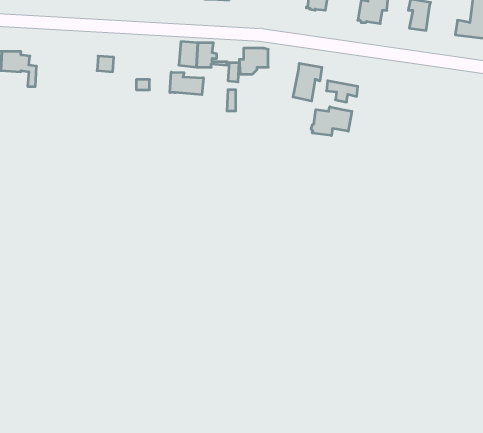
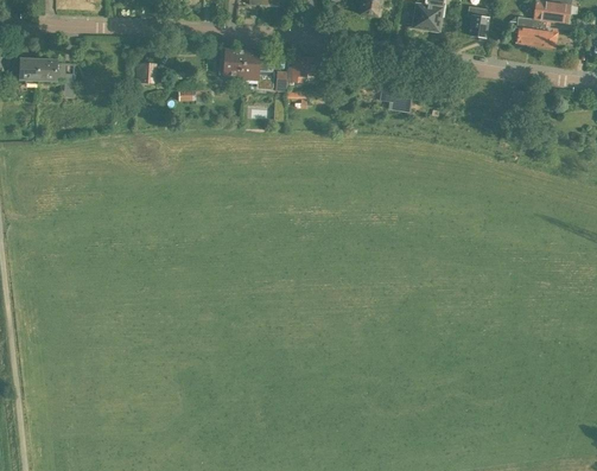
building: [293,63,322,101] -> none
building: [170,72,203,95] -> none
building: [311,107,352,136] -> none

